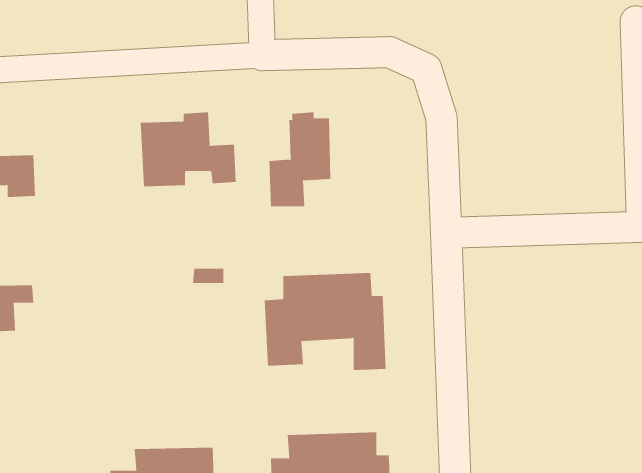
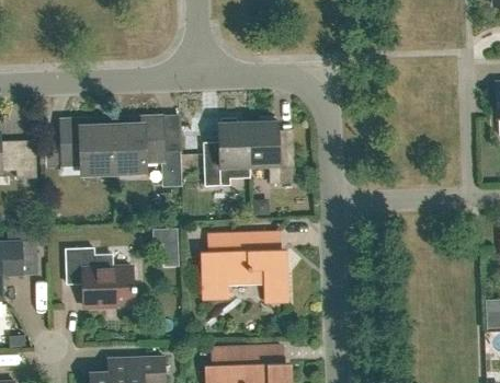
building: none -> [248,116,295,183]
building: none -> [61,120,114,172]
building: none -> [66,247,136,306]

